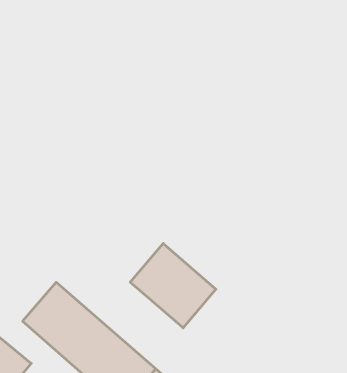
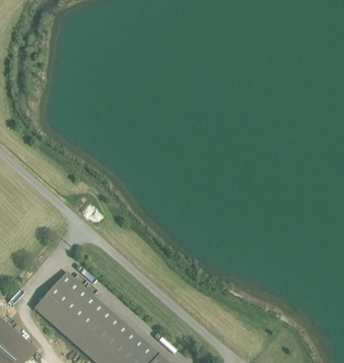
building: [130,243,216,328] -> none

